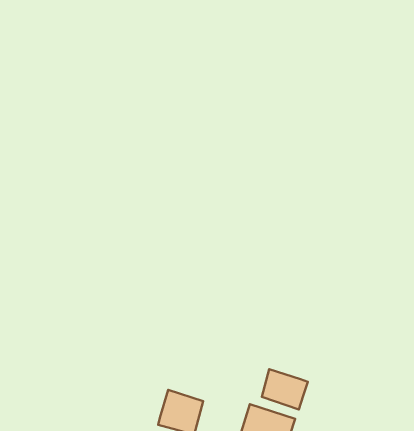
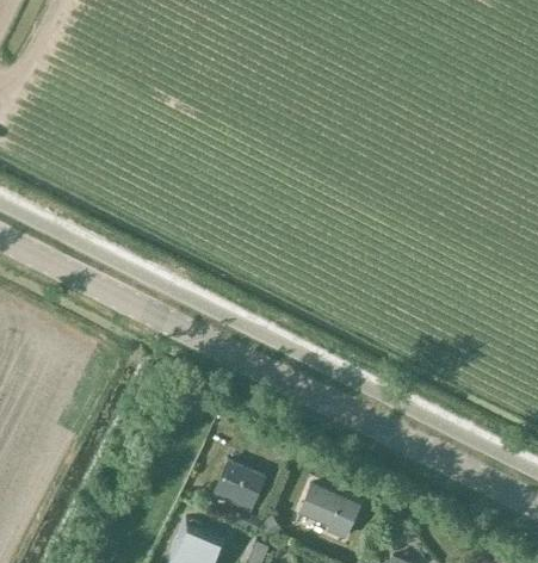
building: [262,369,308,409] -> none

